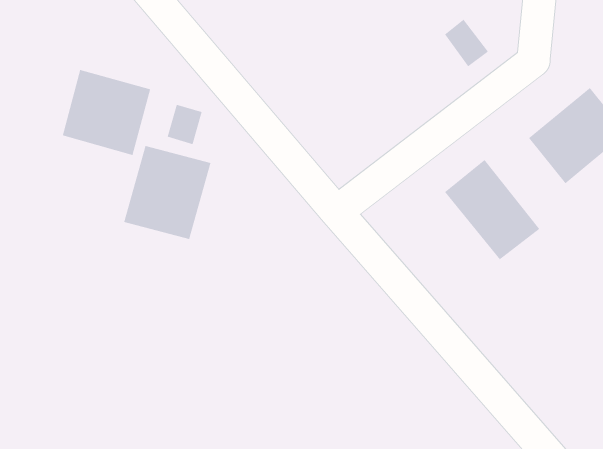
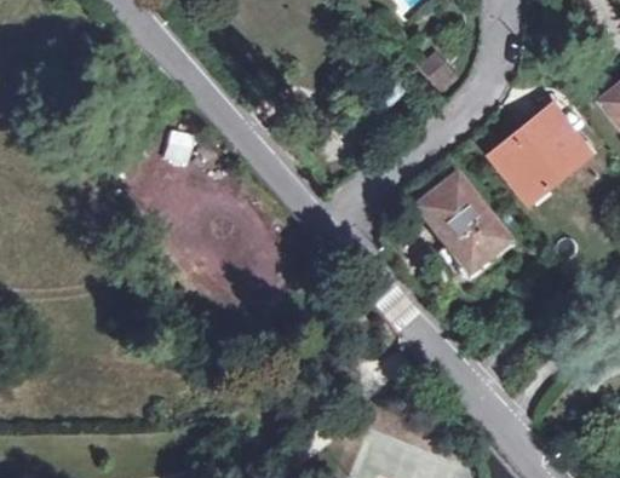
building: [62,69,151,156] -> none
building: [124,145,211,240] -> none

